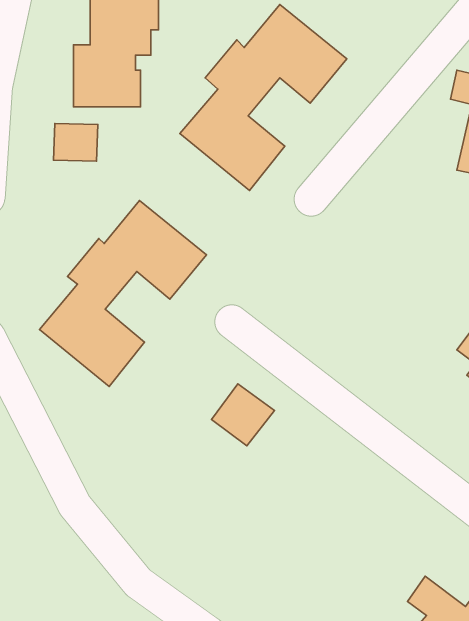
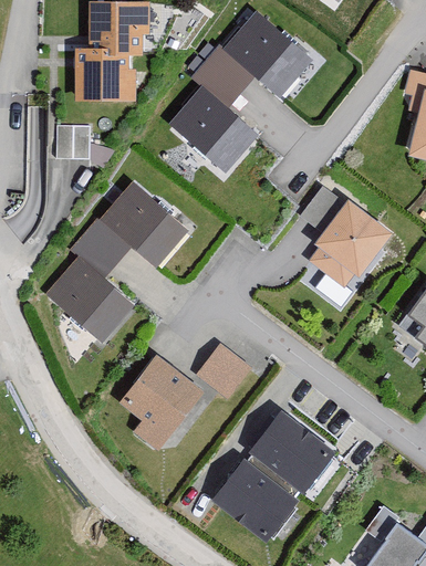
building: none -> [300,187,394,285]
building: none -> [120,356,204,451]
building: none -> [211,412,334,543]

